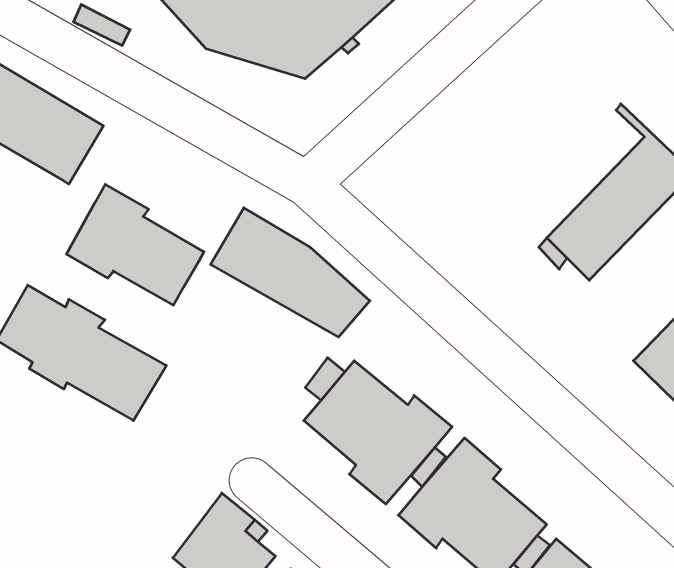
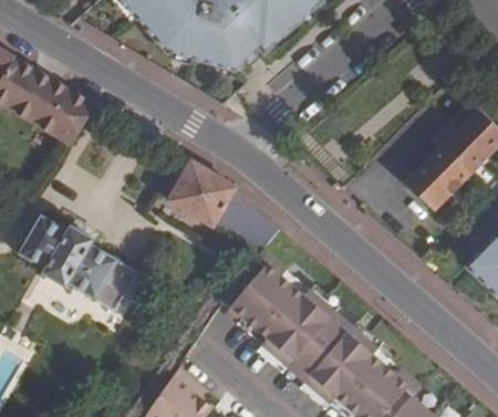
building: [67,184,204,305] -> none

